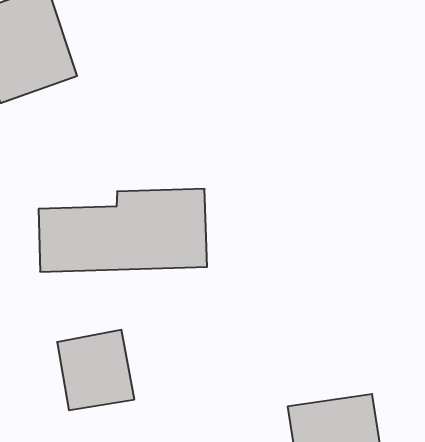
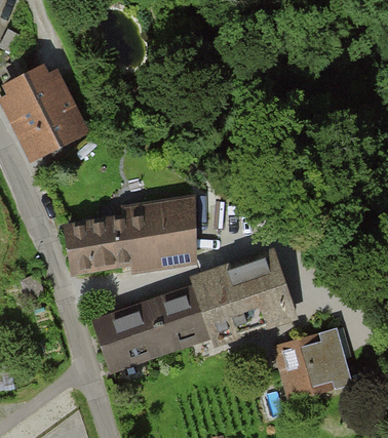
building: none -> [190,241,295,341]
building: none -> [141,294,205,360]

